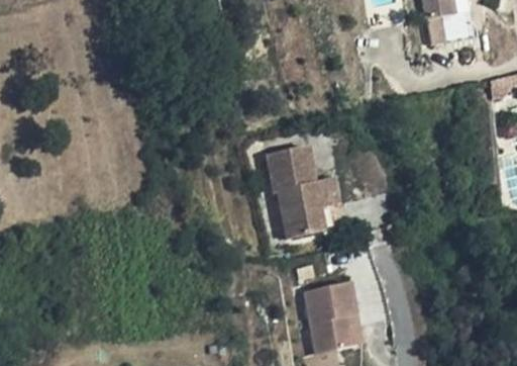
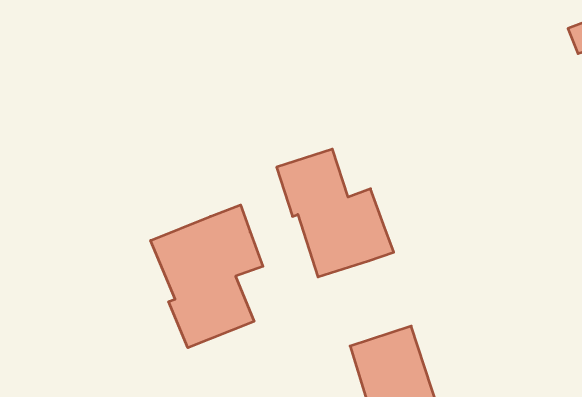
building: none -> [151,205,263,348]

